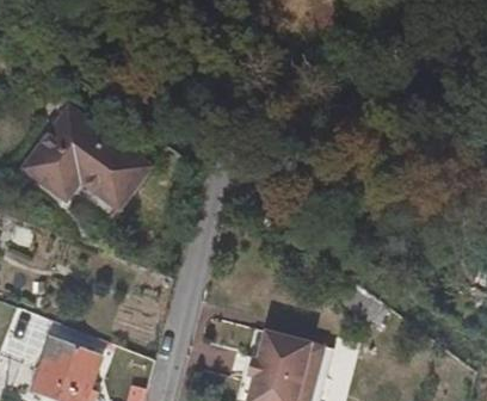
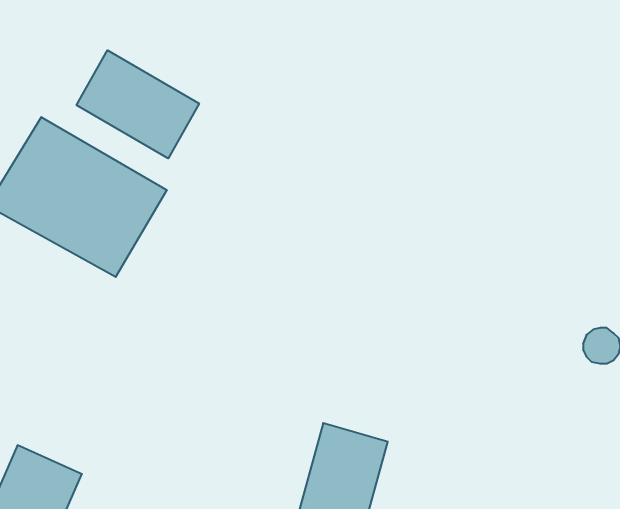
building: none -> [77,50,199,158]

